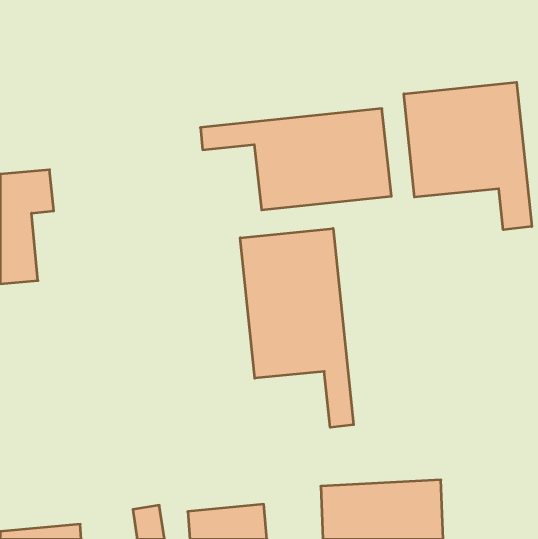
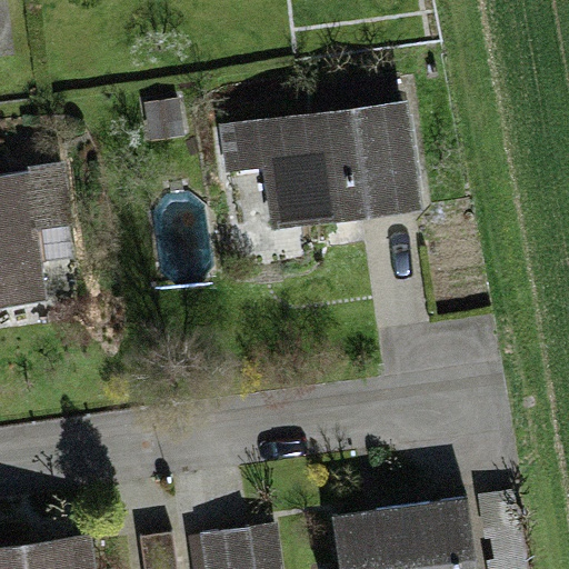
building: [404,82,532,230] -> none
building: [240,228,354,427] -> none

